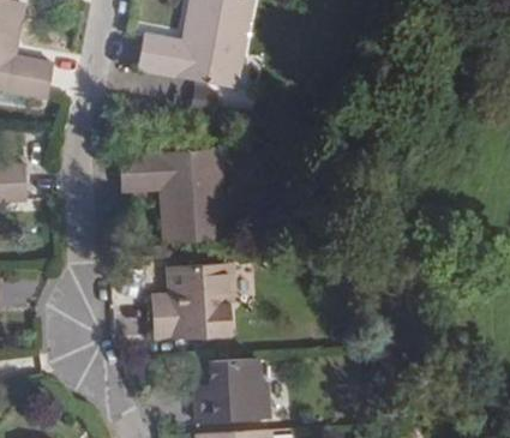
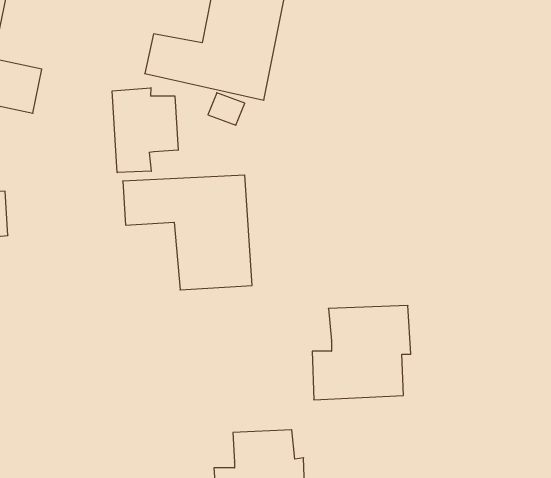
building: none -> [112,88,178,173]
building: [152,264,233,341] -> [312,306,411,400]

